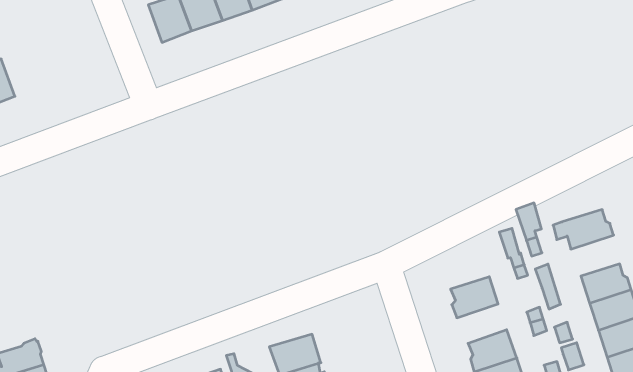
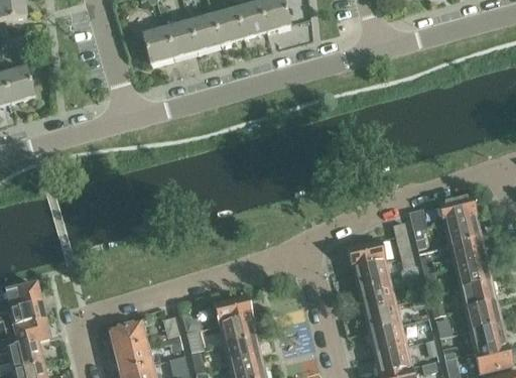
building: none -> [437,195,476,224]
building: none -> [447,237,484,266]
building: none -> [346,239,384,269]
building: none -> [357,282,394,310]

